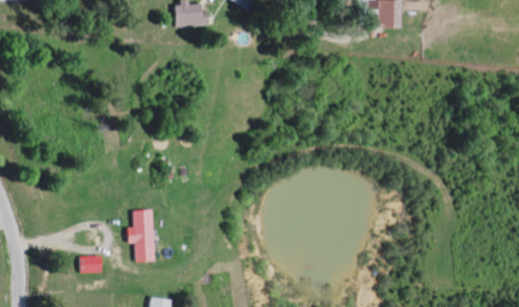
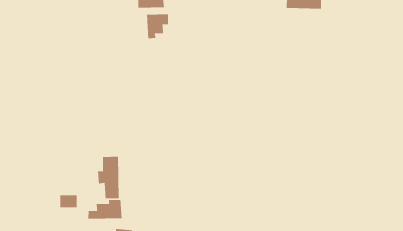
building: none -> [146,14,169,39]
building: none -> [88,199,122,219]

